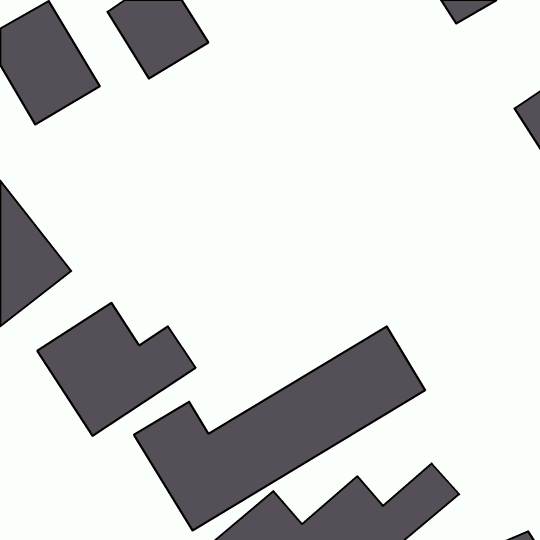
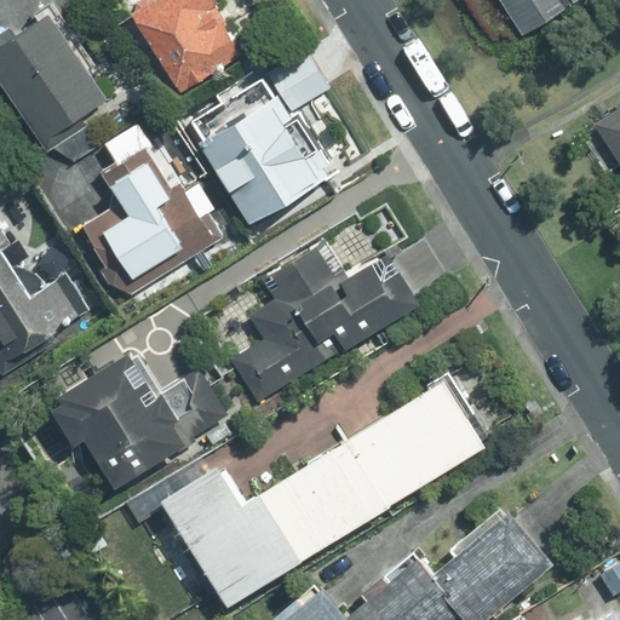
building: none -> [179,58,348,228]
building: none -> [78,131,228,310]
building: none -> [228,245,421,412]

